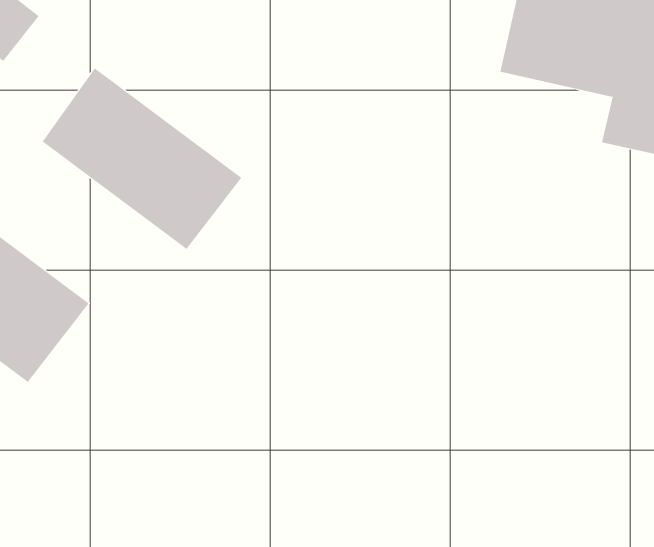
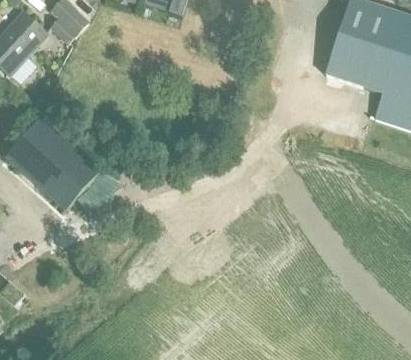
building: [42,68,242,250] -> none

